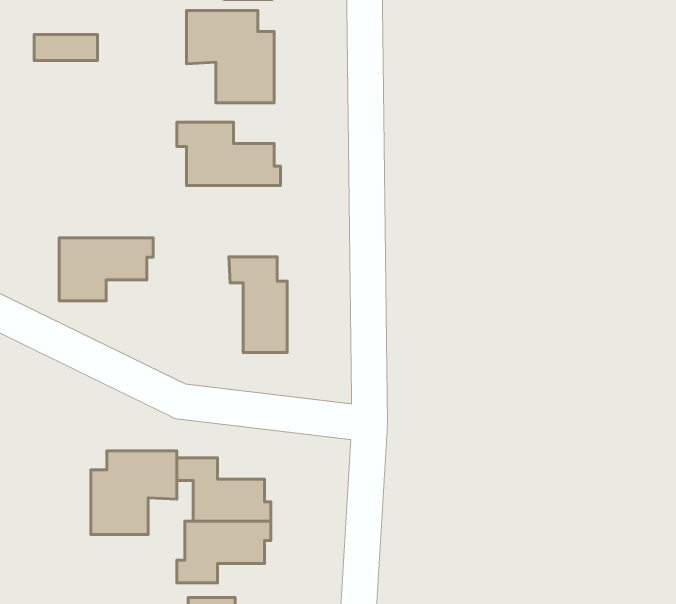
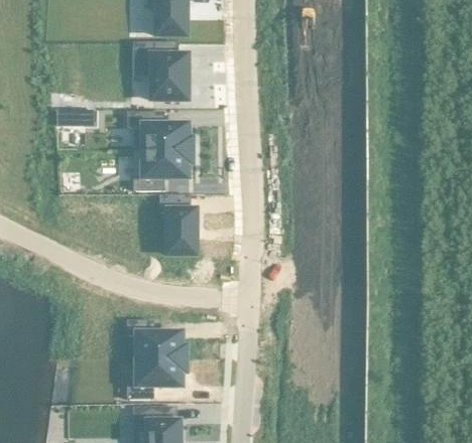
building: [34,35,97,61] -> [58,110,98,126]
building: [59,238,153,301] -> [135,152,194,191]
building: [91,451,177,535] -> none

